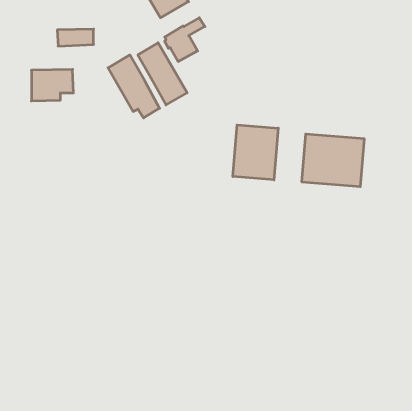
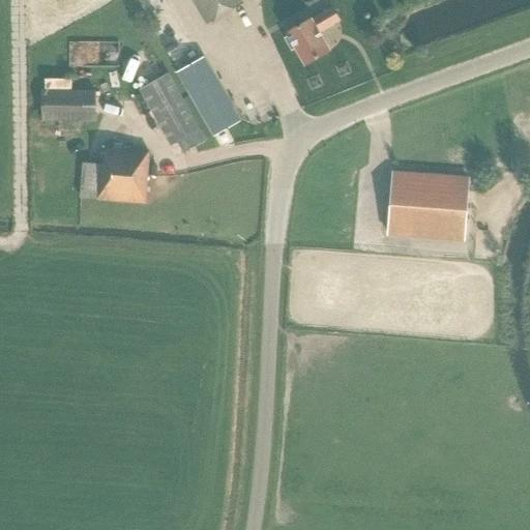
building: [165,18,205,61] -> [287,7,338,63]
building: none -> [81,146,149,201]
building: [233,125,278,180] -> none

